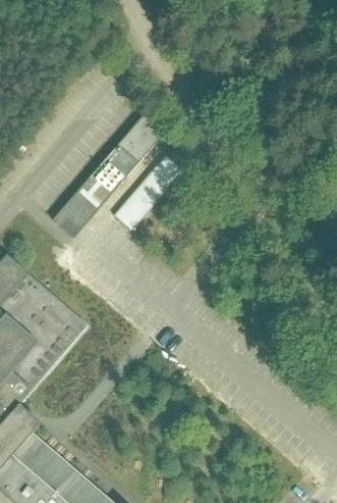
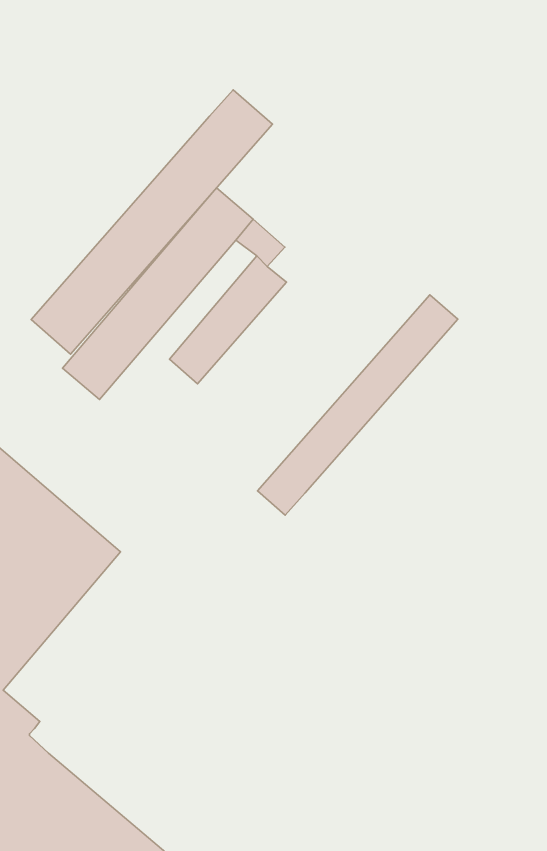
building: none -> [31,90,272,354]
building: none -> [257,295,458,515]

